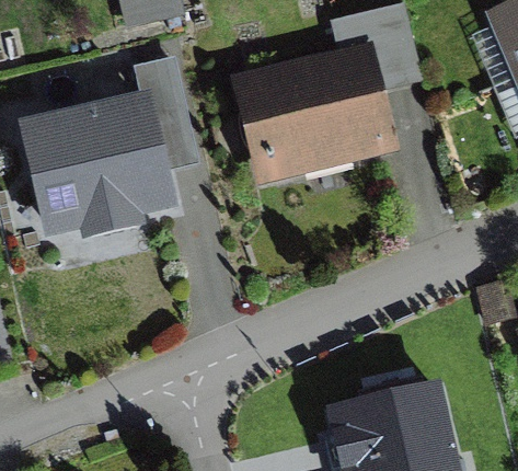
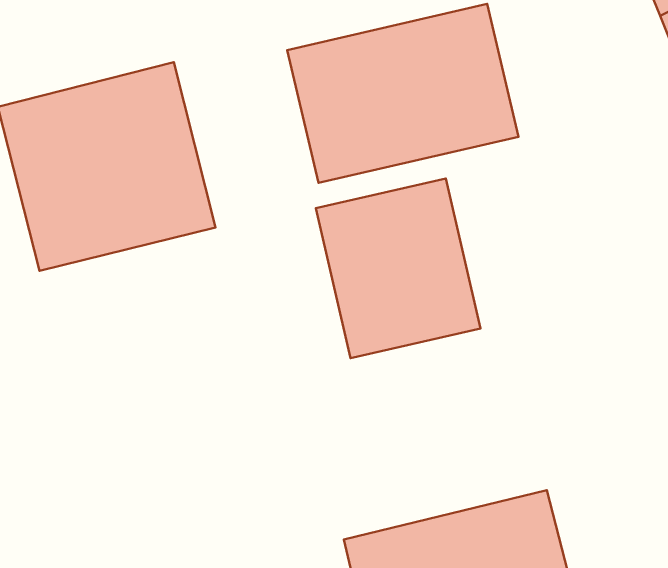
building: none -> [316,178,481,358]

